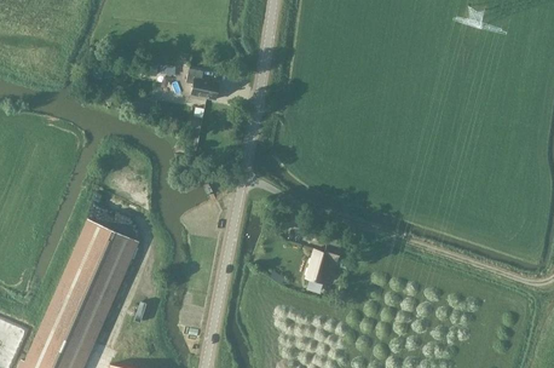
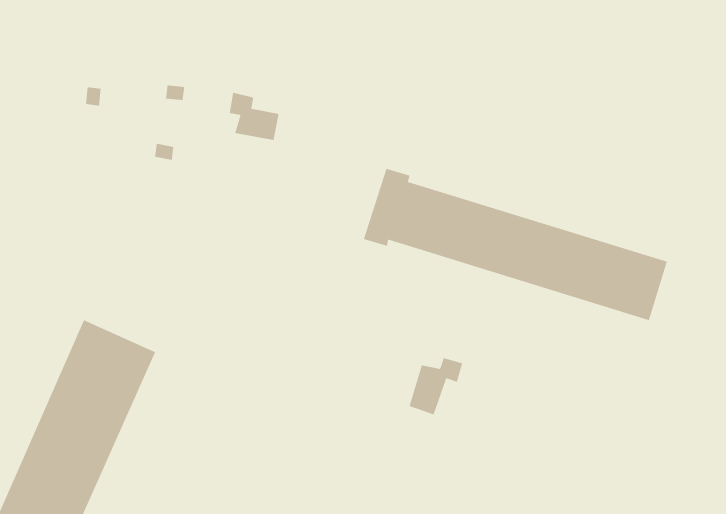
building: none -> [363,168,668,321]

